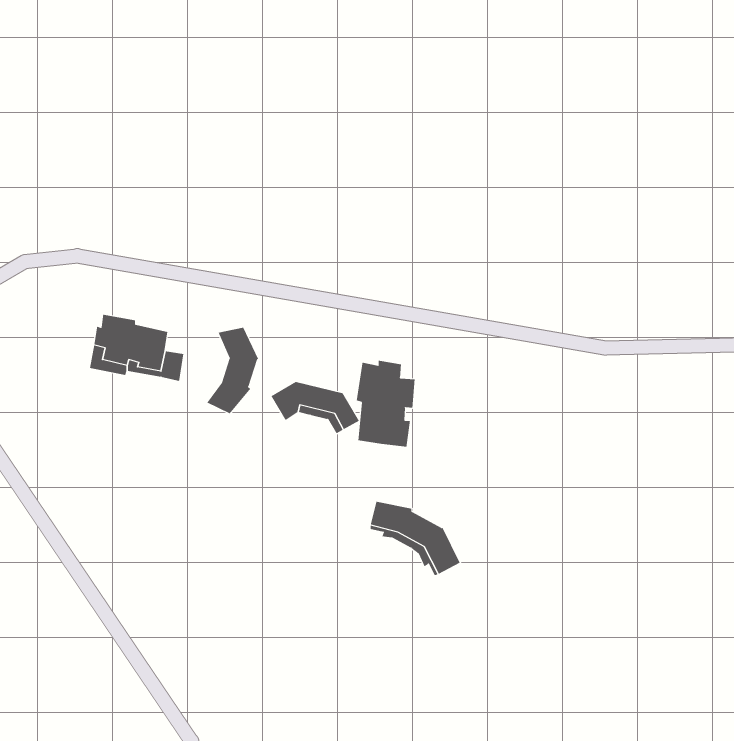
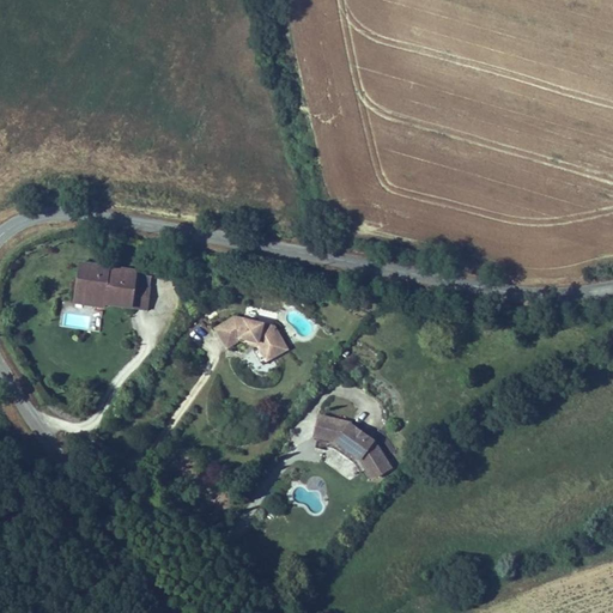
building: [207,327,259,414] -> none
building: [356,360,415,448] -> none

